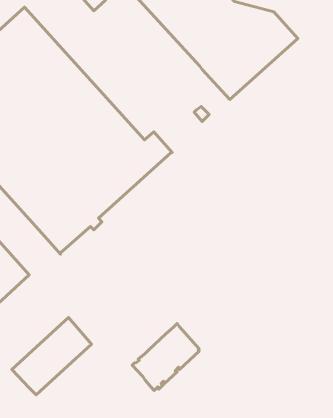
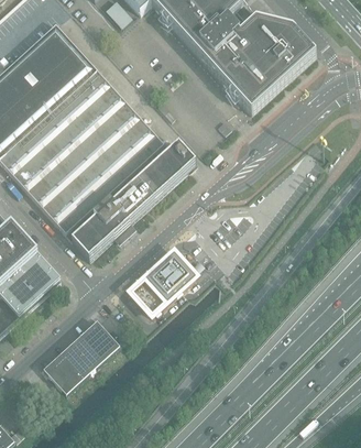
building: [132,323,199,390] -> [131,251,195,315]

